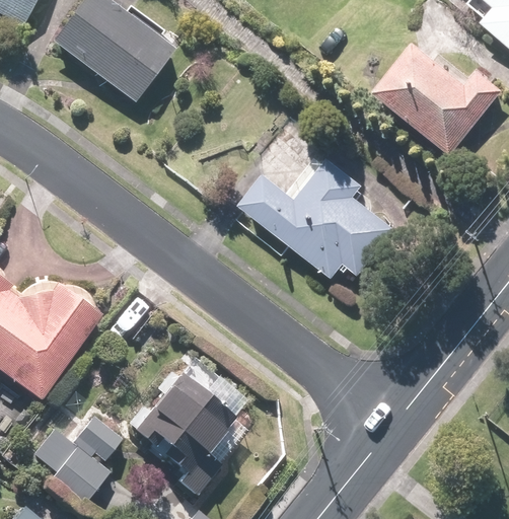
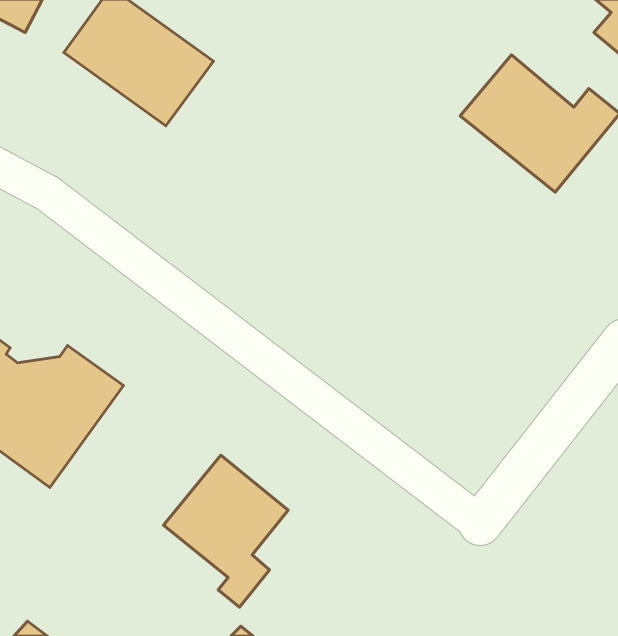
building: [243,161,396,280] -> none
building: [32,415,121,502] -> none

